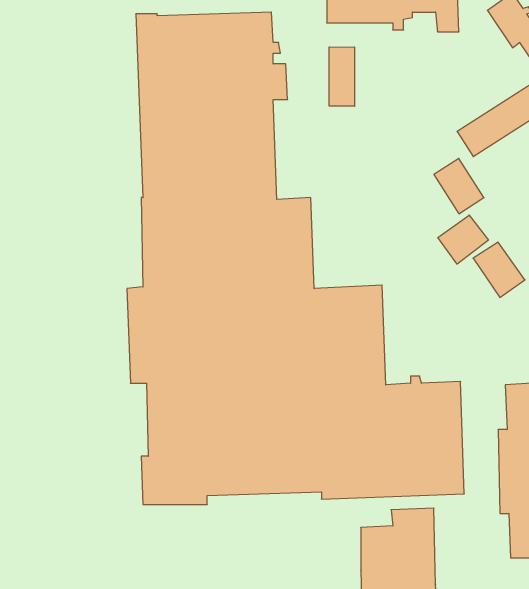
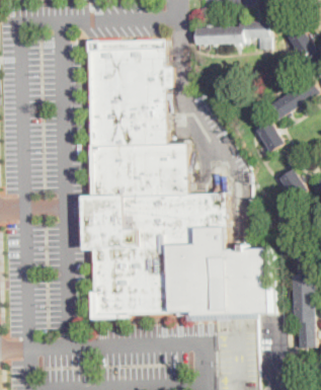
building: [329,47,355,106] -> none
building: [438,215,488,264] -> none

